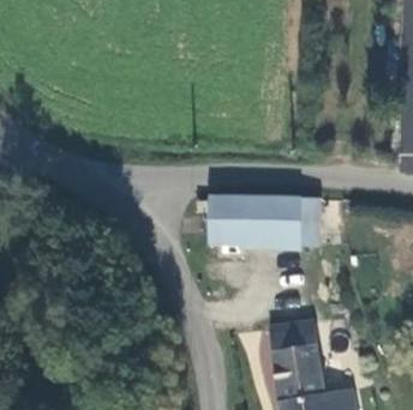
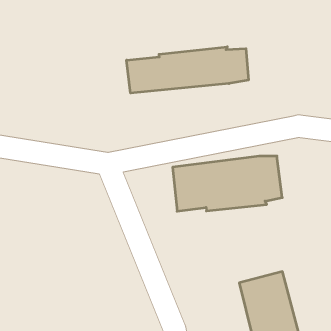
building: none -> [127,47,248,93]

